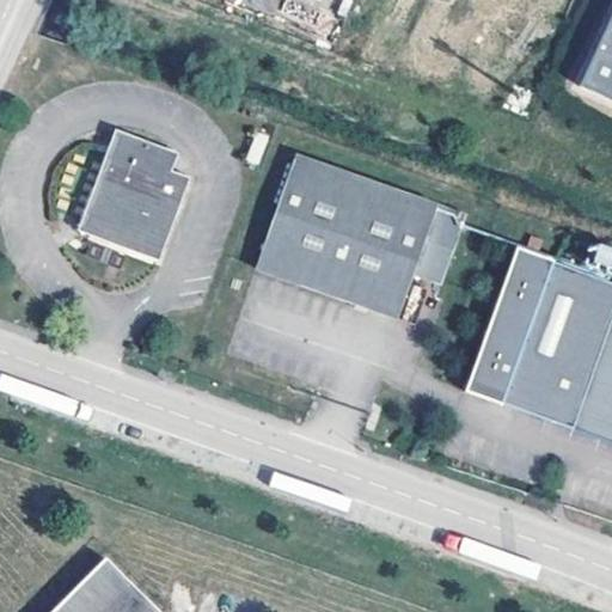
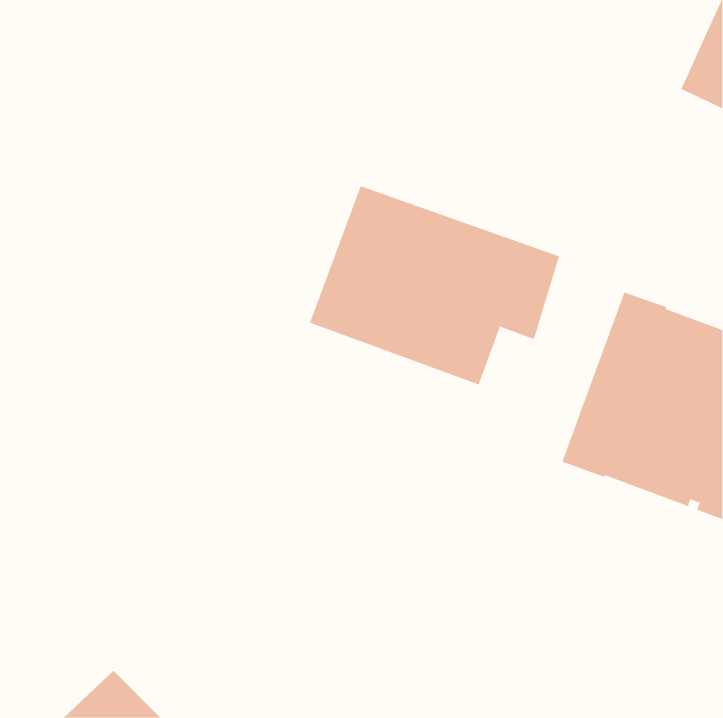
building: [82,135,184,256] -> none

